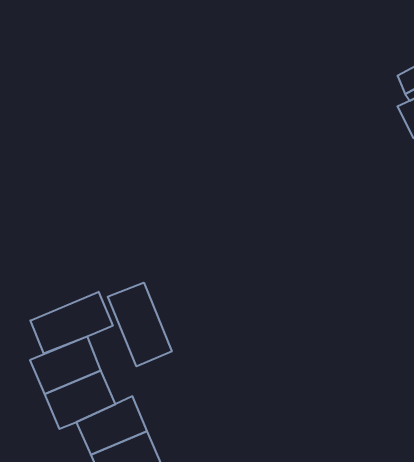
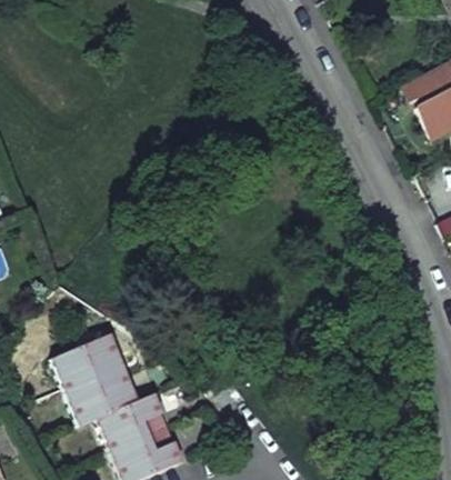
building: [108,283,172,366] -> none
building: [30,292,113,354] -> none

